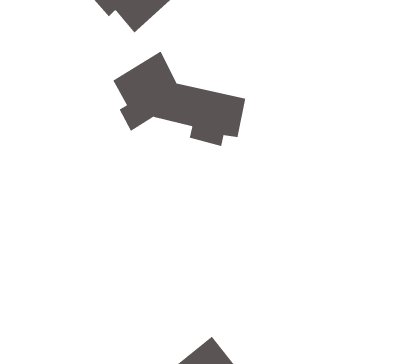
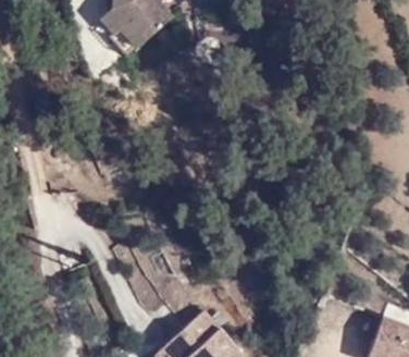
building: [112,51,246,147] -> none

